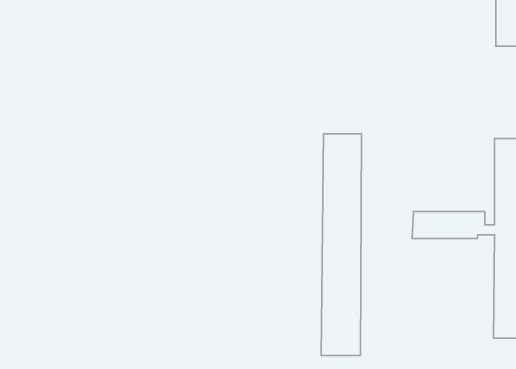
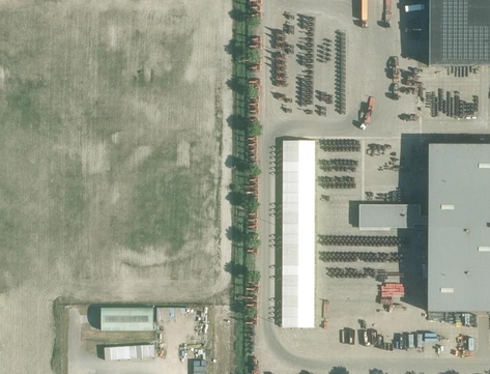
building: none -> [103,306,154,328]

